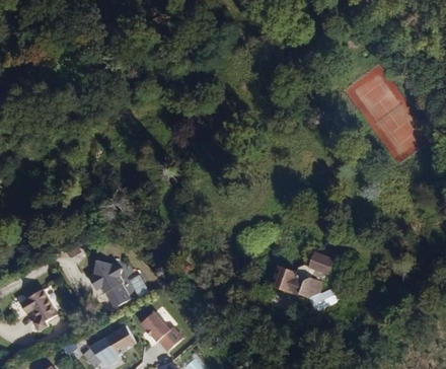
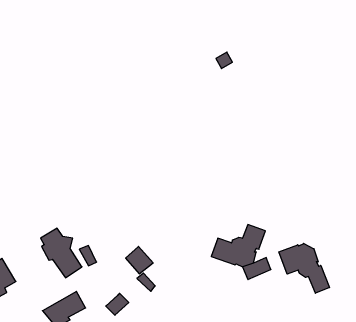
building: none -> [279,243,329,293]
building: [141,310,171,341] -> [126,246,153,274]

